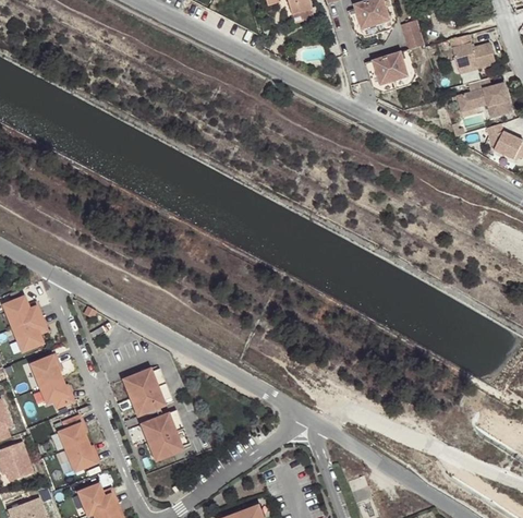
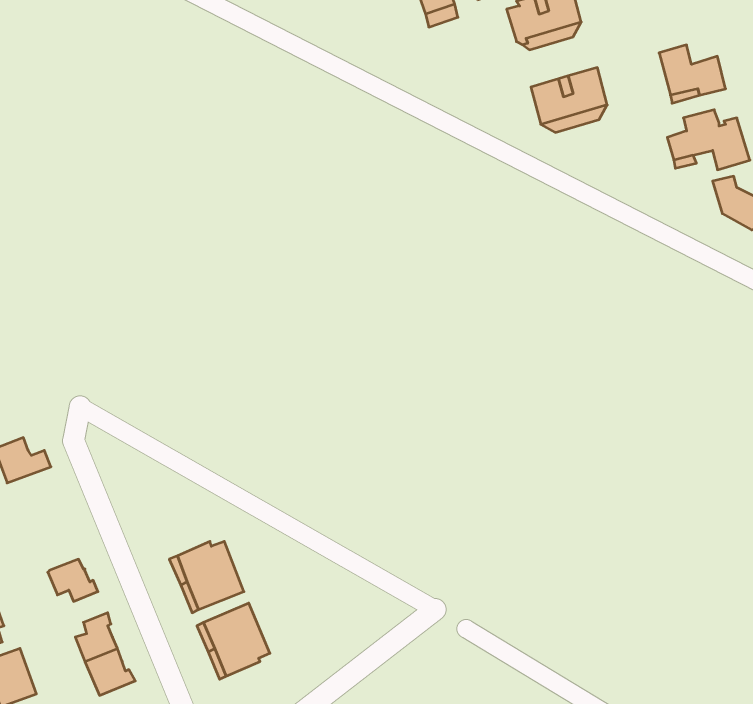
building: [401,20,425,49] -> none
building: [12,317,45,351] -> none
building: [31,356,60,387] -> none

